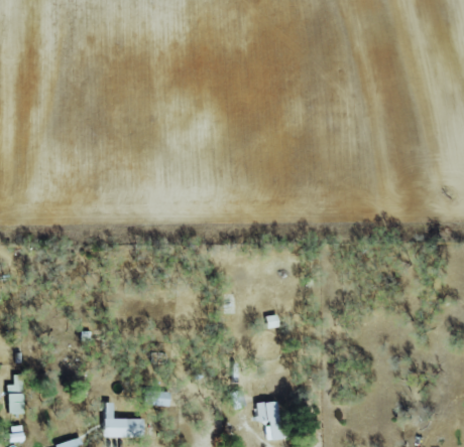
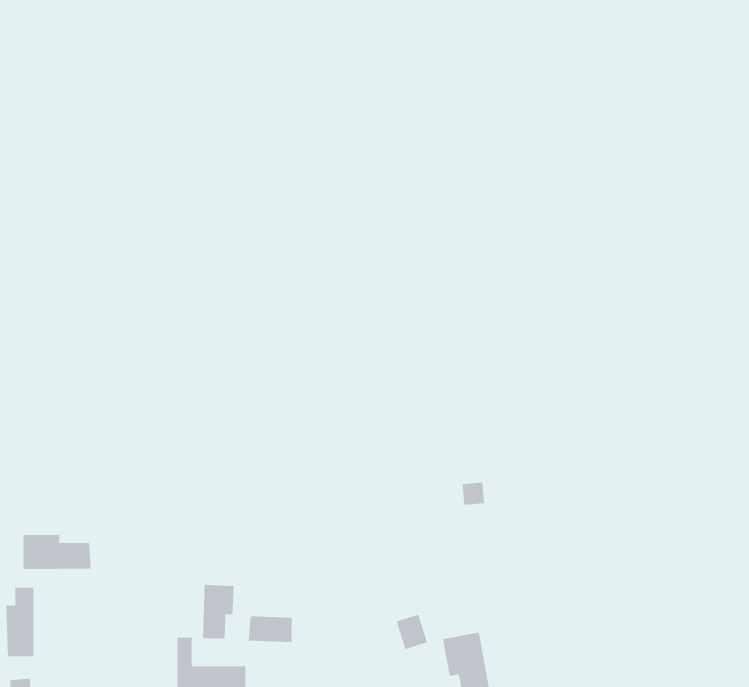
building: none -> [23,534,91,570]
building: none -> [203,584,234,639]

